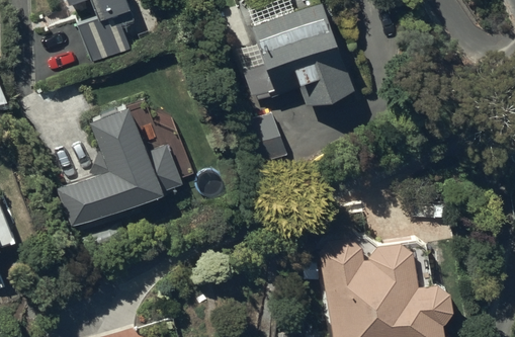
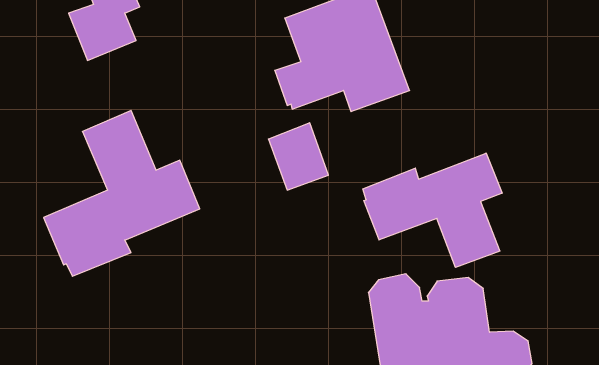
building: none -> [363,153,502,267]

